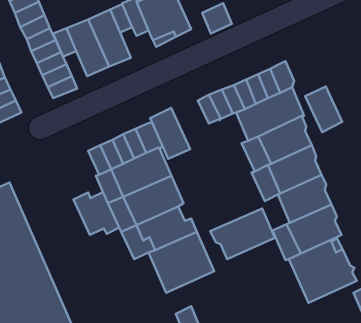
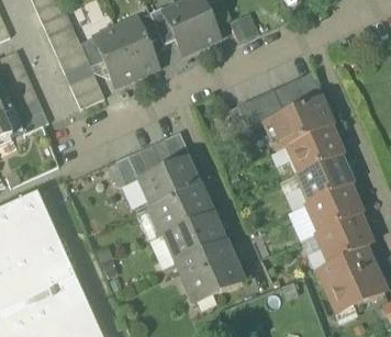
building: [305,87,342,132] -> none
building: [150,108,190,159] -> none
building: [73,192,119,235] -> none
building: [210,209,275,259] -> none

